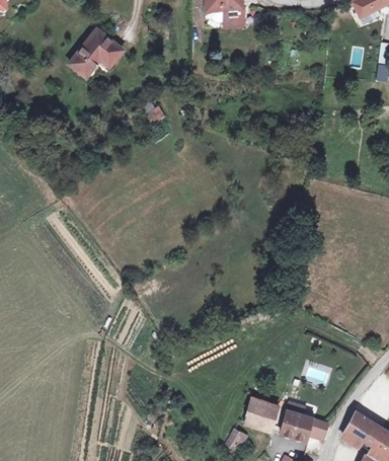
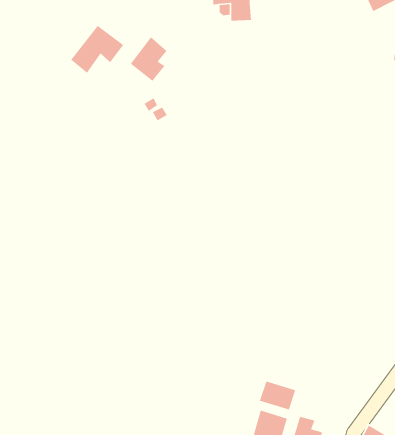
building: none -> [130,36,167,82]
building: none -> [259,381,296,410]

